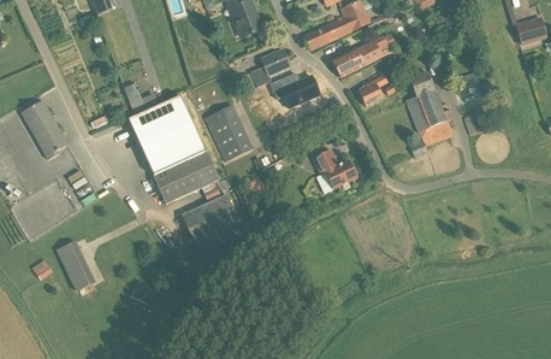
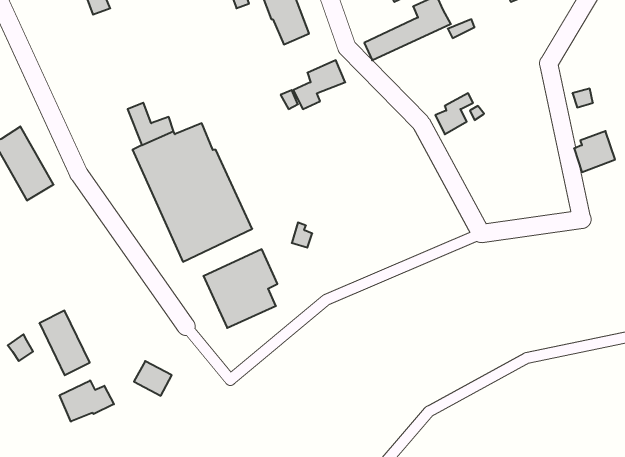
building: [332,31,396,76] -> none
building: [271,70,320,105] -> none
building: [407,71,454,155] -> none
building: [206,104,254,160] -> none
building: [313,148,357,192] -> none
building: none -> [60,380,114,422]

